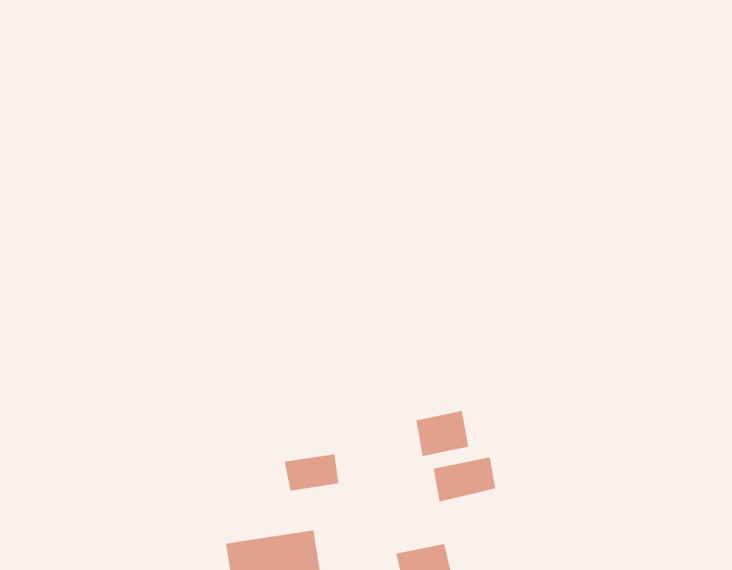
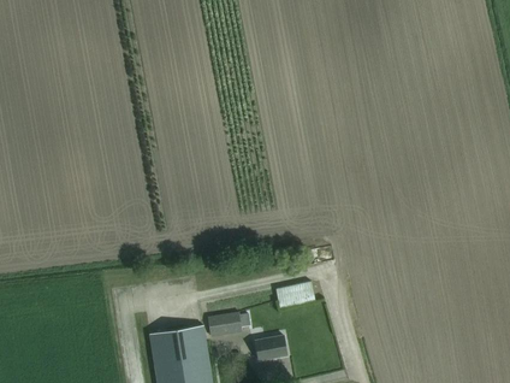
building: [416,410,469,457] -> none
building: [284,454,339,491] -> [207,312,241,335]

